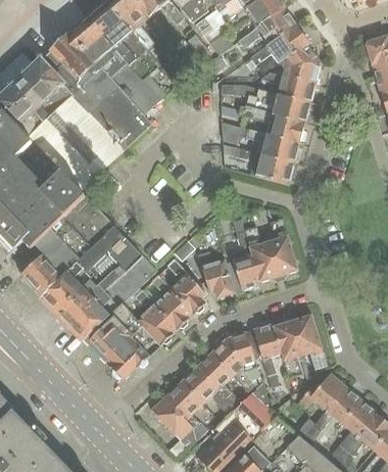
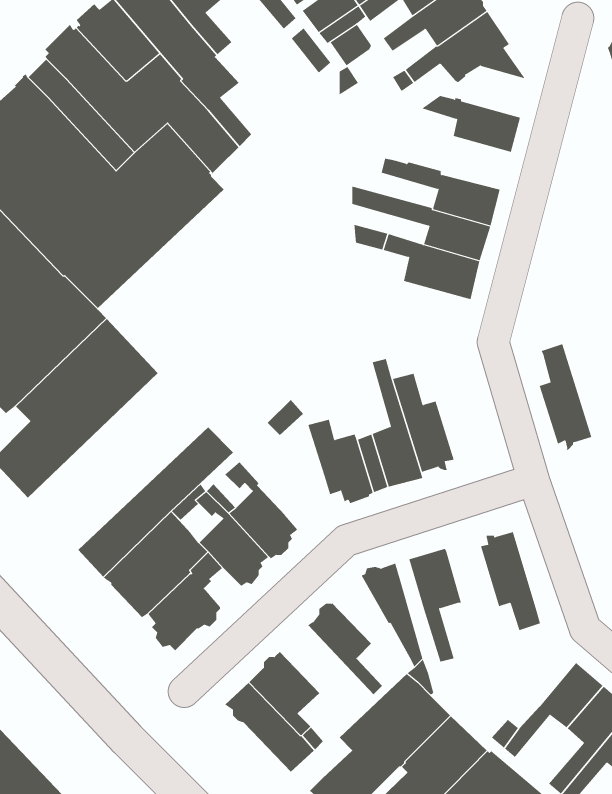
building: [280,55,320,84] -> none
building: [220,84,309,124] -> none
building: [268,218,297,277] -> [539,343,592,450]
building: [41,226,141,324] -> none
building: [166,259,205,314] -> none
building: [274,319,302,377] -> none
building: [209,338,253,391] -> none
building: [181,366,233,412] -> none
building: [298,373,345,411] -> none

